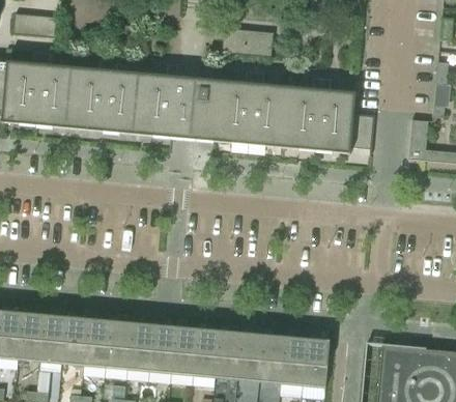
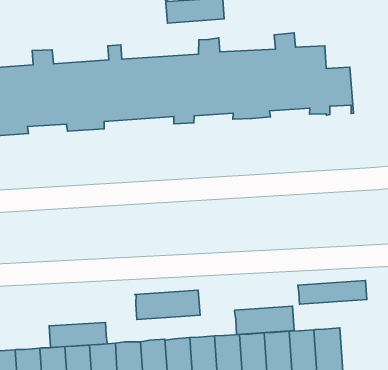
building: none -> [135,290,200,320]
building: none -> [298,281,367,304]
building: none -> [49,322,107,347]
building: none -> [235,306,294,335]

